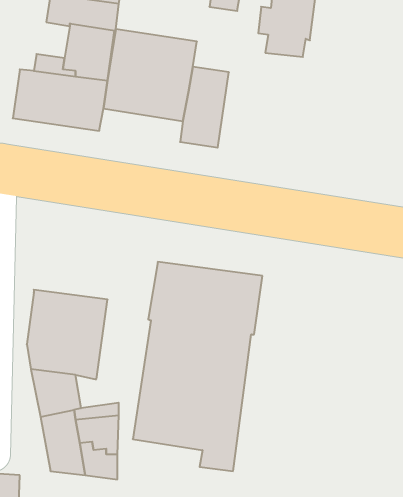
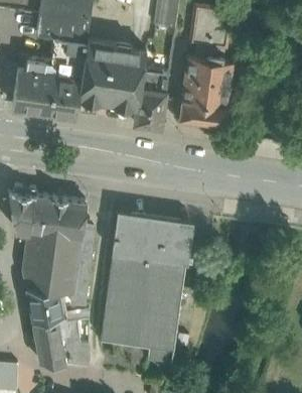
building: none -> [178,58,232,124]
building: none -> [8,187,95,306]

